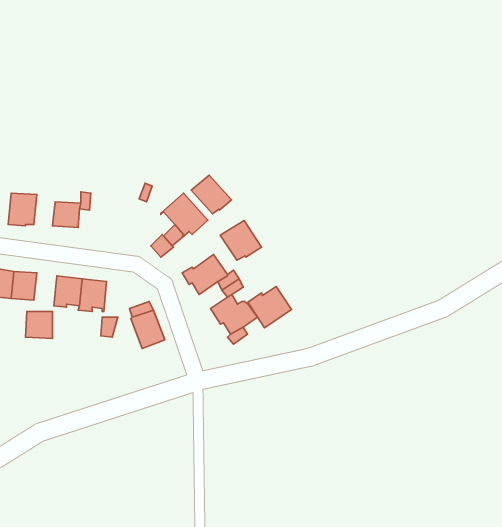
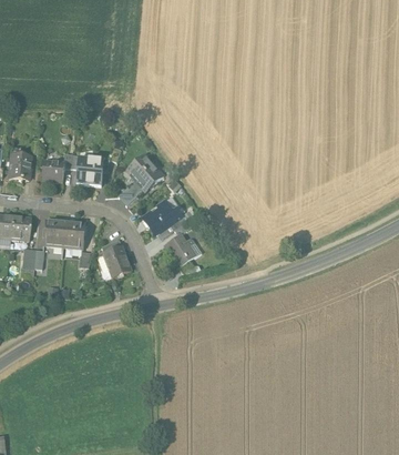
building: [191,175,231,214] -> none
building: none -> [76,158,103,184]
building: [220,220,261,260] -> none
building: [248,286,292,328] -> none

